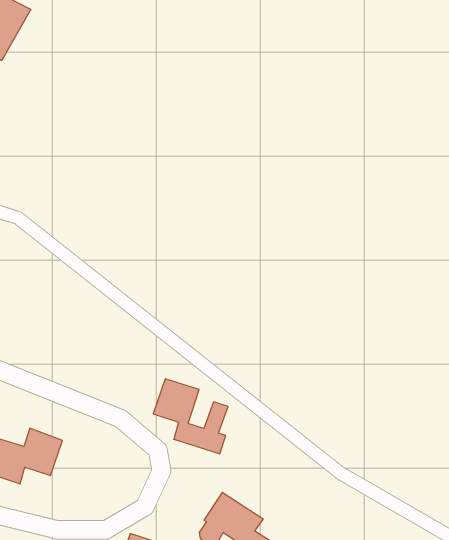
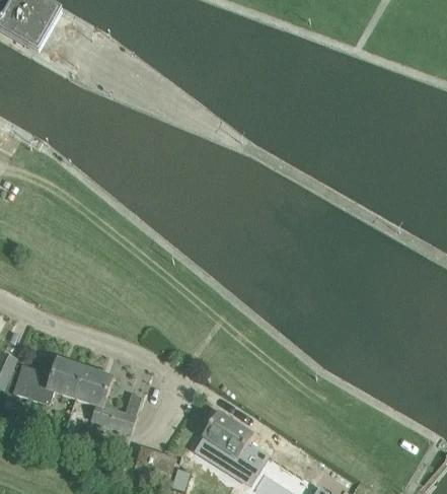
building: [153,379,228,454] -> [73,369,136,432]

